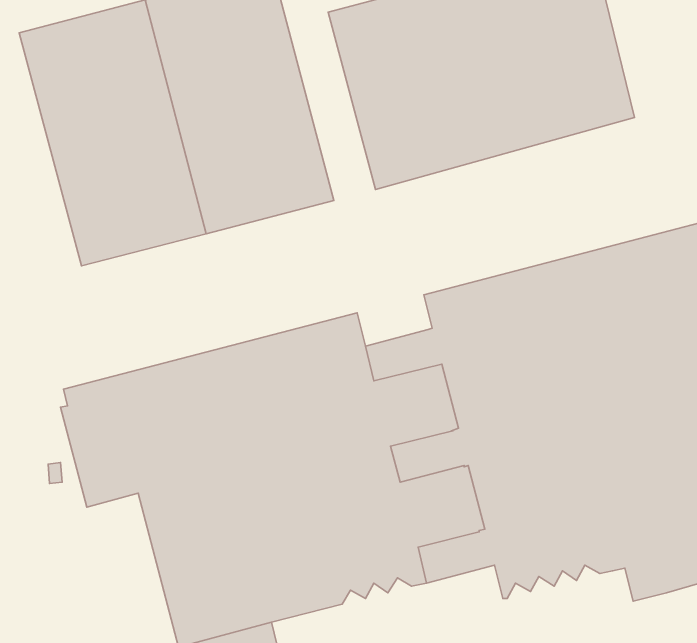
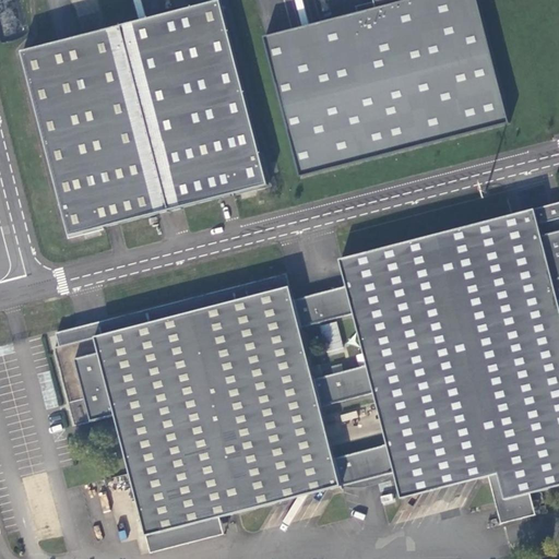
building: none -> [487,473,535,522]

